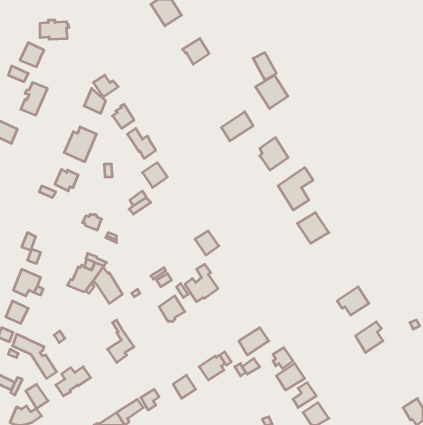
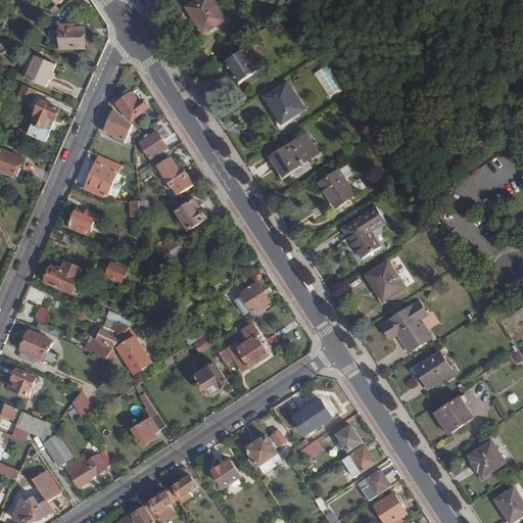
building: [255,75,288,109] -> [263,81,302,122]
building: none -> [44,260,81,292]
building: none -> [380,302,430,352]
building: none -> [466,441,503,478]

